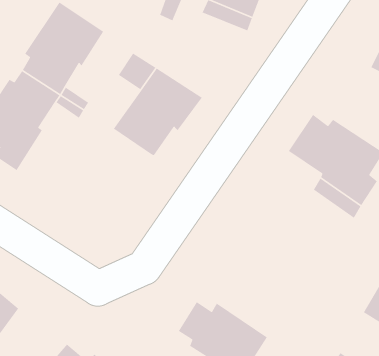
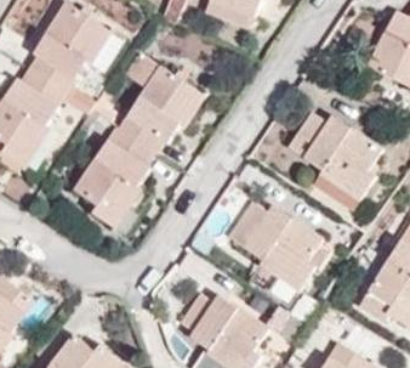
building: none -> [76,126,158,227]
building: none -> [230,202,323,300]

